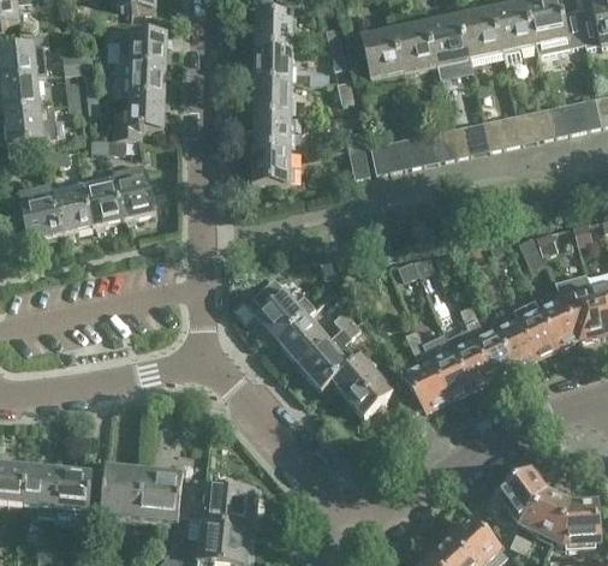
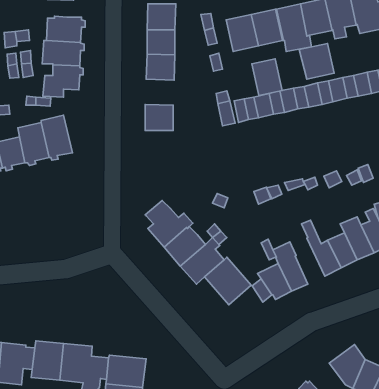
building: none -> [299,43,334,79]
building: none -> [252,59,282,96]
building: [252,115,291,150] -> none
building: [448,328,493,389] -> none

